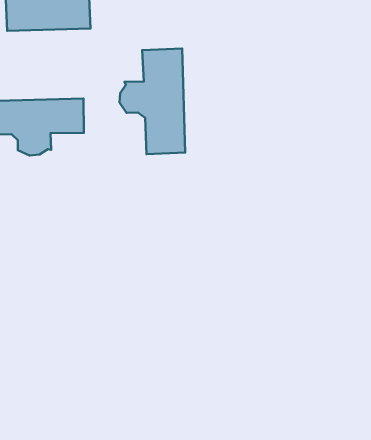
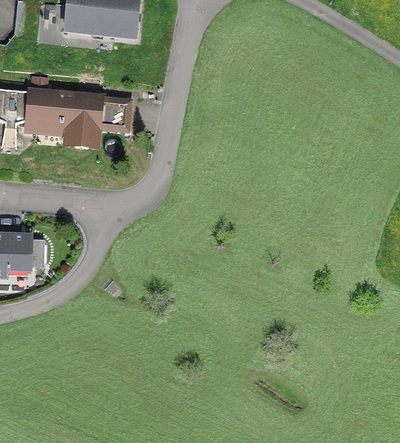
building: [119,49,185,154] -> none

